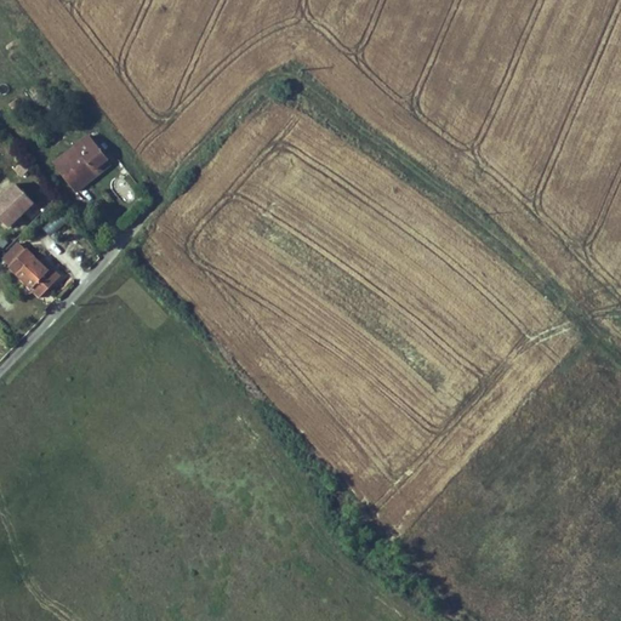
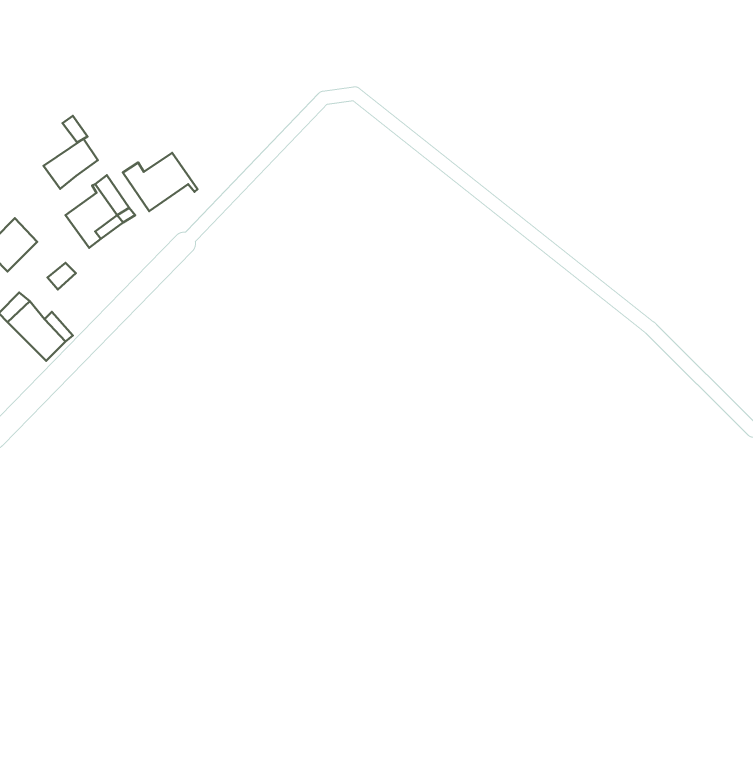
building: none -> [43,139,98,189]
building: none -> [123,153,197,211]

